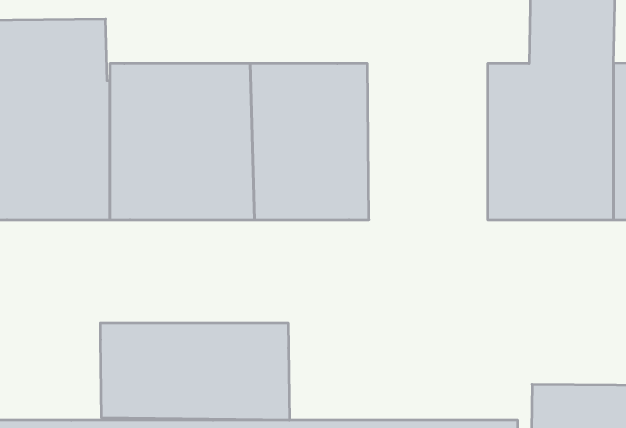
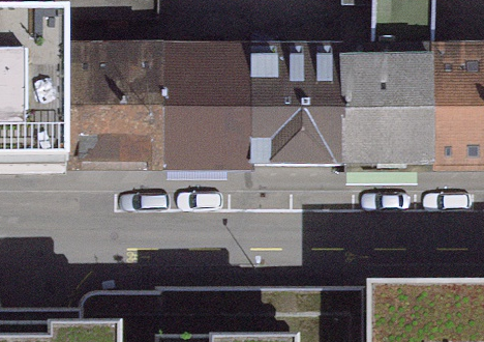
building: none -> [267,53,354,166]
building: [100,323,289,420] -> none

